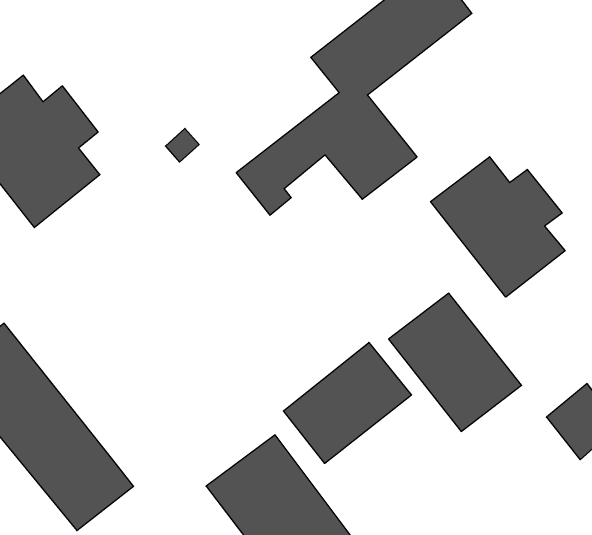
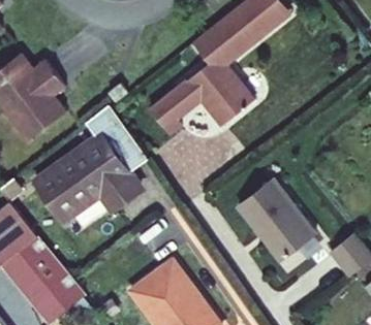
building: [431,157,565,297] -> none
building: none -> [38,108,147,225]
building: [283,342,411,463] -> none

